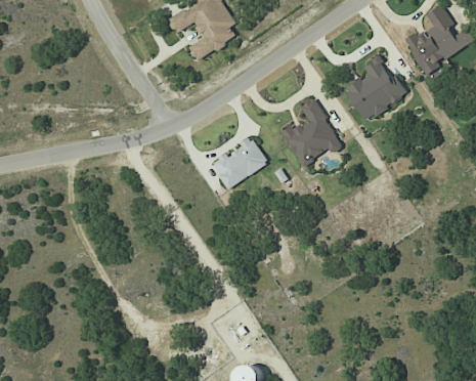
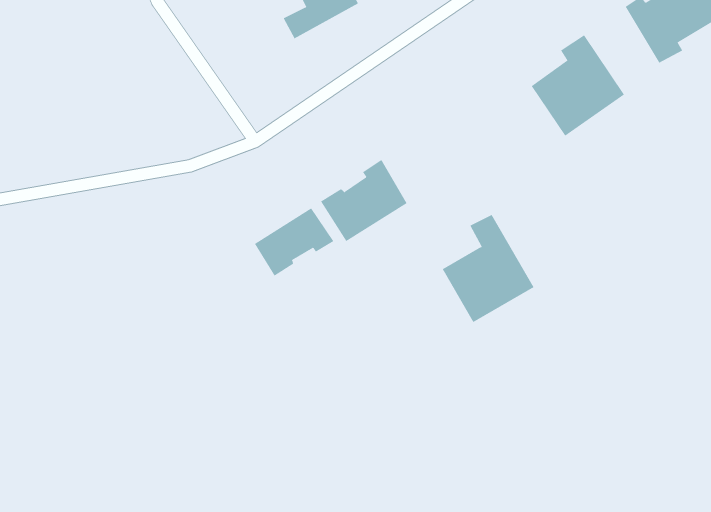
building: [283,98,341,167] -> [442,214,534,323]
building: none -> [254,207,334,276]

